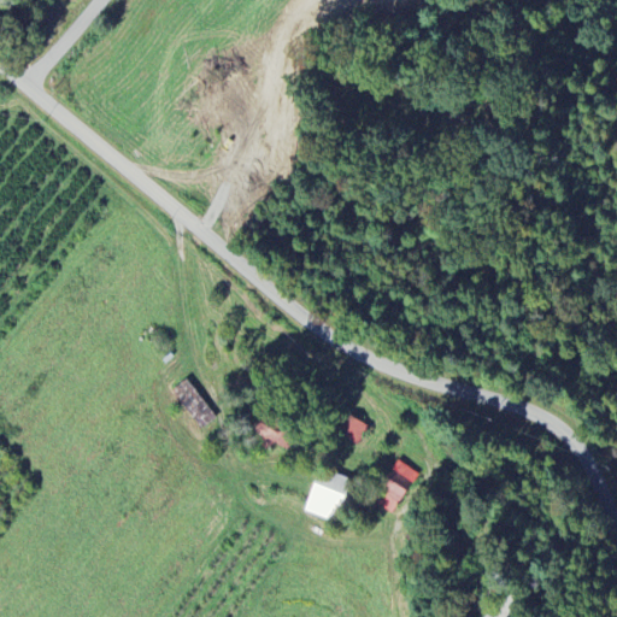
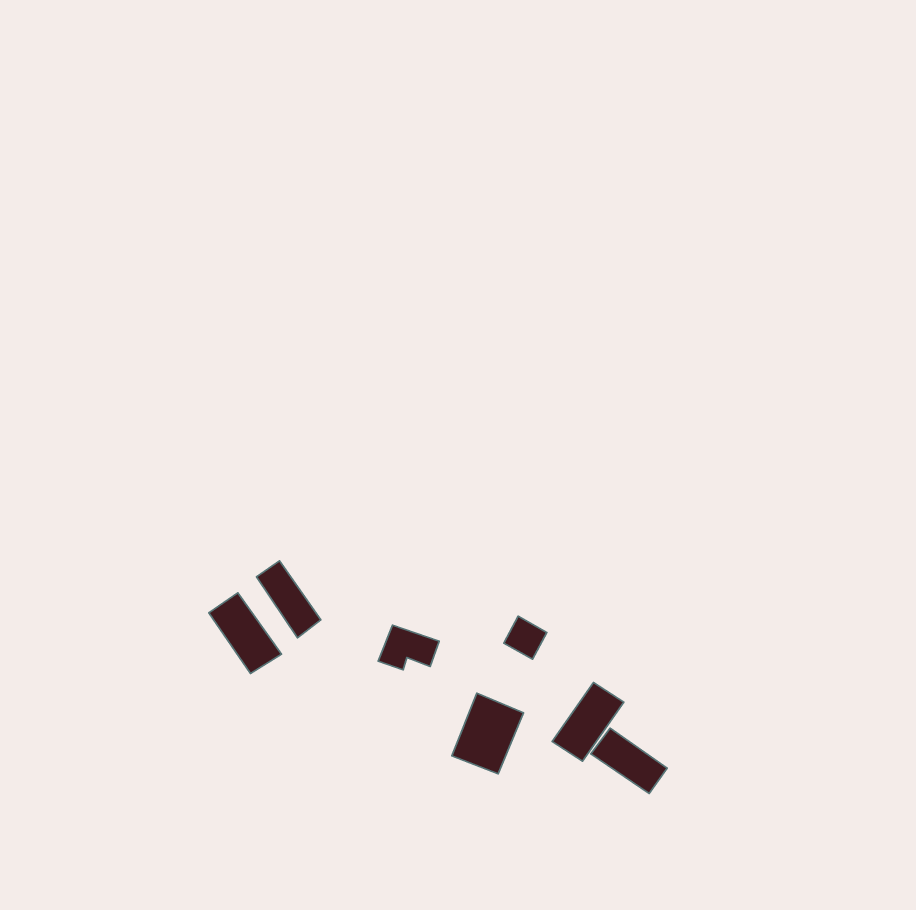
building: none -> [209,593,281,674]
building: none -> [591,728,667,793]

